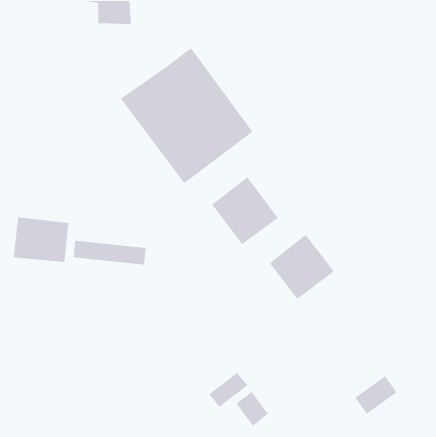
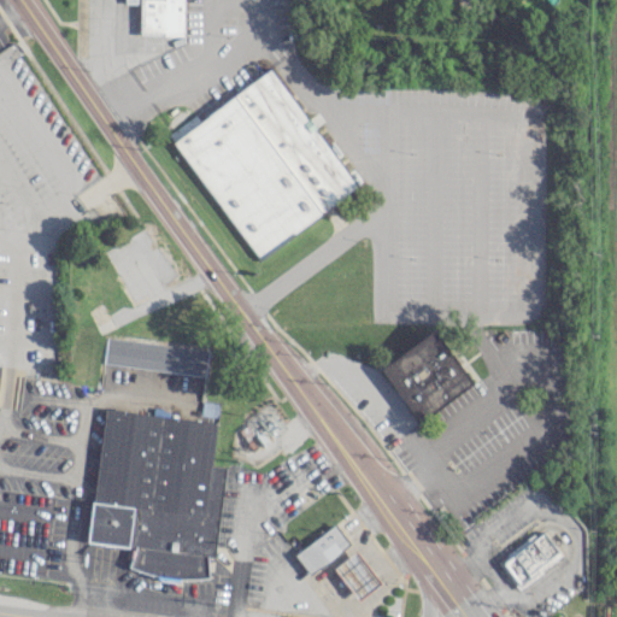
building: [211,176,279,245] -> none
building: [13,216,69,263] -> none
building: none -> [86,407,227,581]

